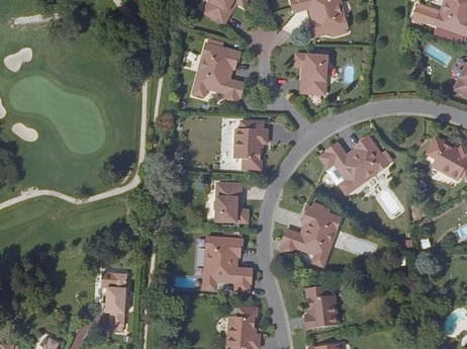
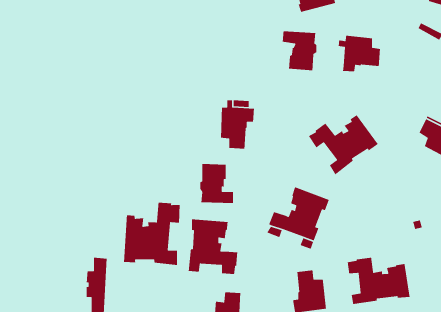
building: [193,42,245,104] -> none
building: none -> [338,35,381,72]
building: none -> [123,202,180,266]
building: none -> [347,257,411,305]

